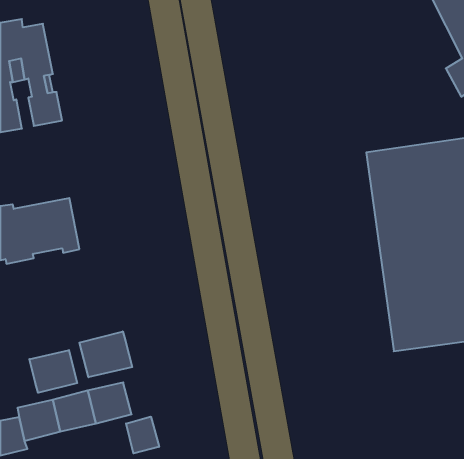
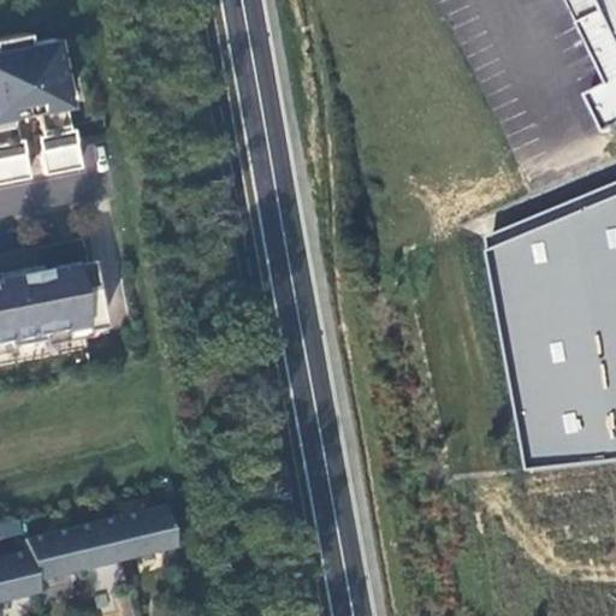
building: [79,331,132,377] -> none
building: [29,350,77,393] -> none
building: [126,417,159,453] -> none

